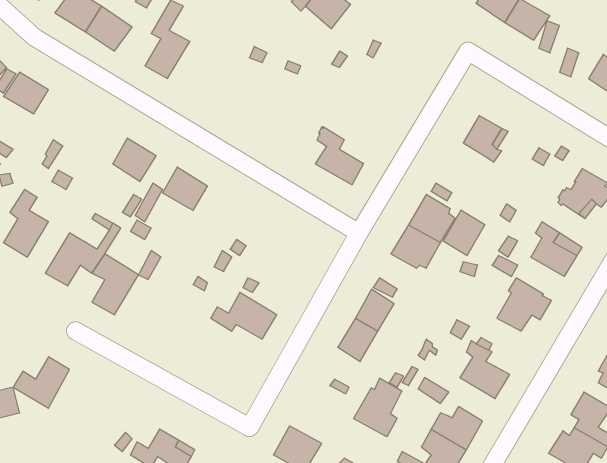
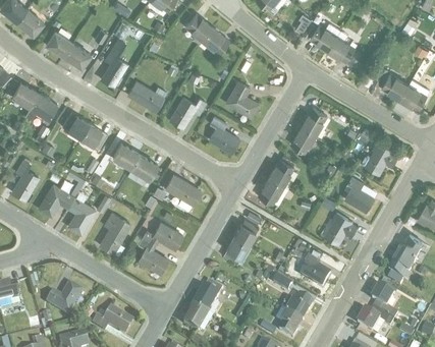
building: none -> [125,80,165,113]
building: none -> [223,81,257,117]
building: none -> [23,93,56,120]
building: none -> [167,97,206,129]
building: none -> [60,113,88,139]
building: none -> [125,154,157,185]
building: [443,210,485,255] -> [289,126,316,155]
building: none -> [163,175,200,211]
building: none -> [97,212,130,255]
building: none -> [131,235,167,268]
building: [13,357,69,408] -> [45,283,80,315]
building: [354,378,402,436] -> [191,280,221,316]

